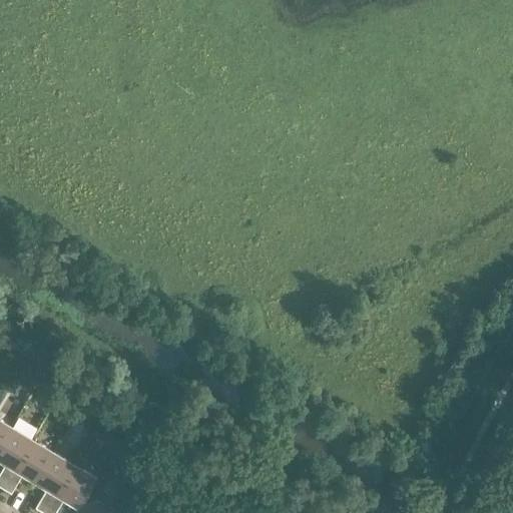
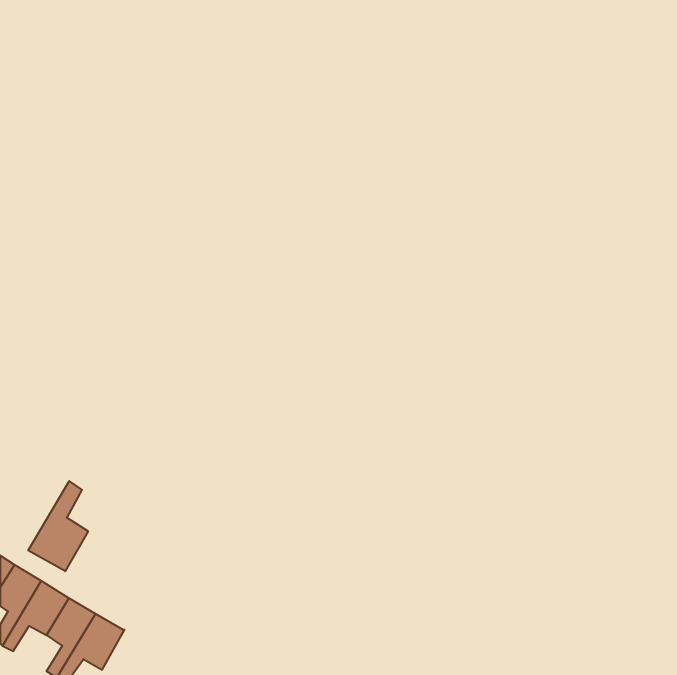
building: none -> [28,481,88,571]

